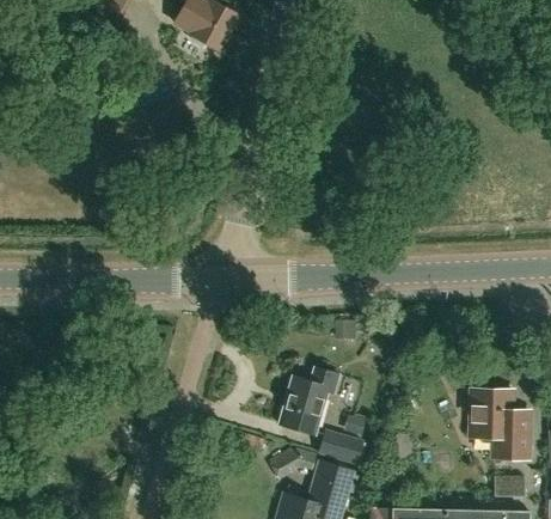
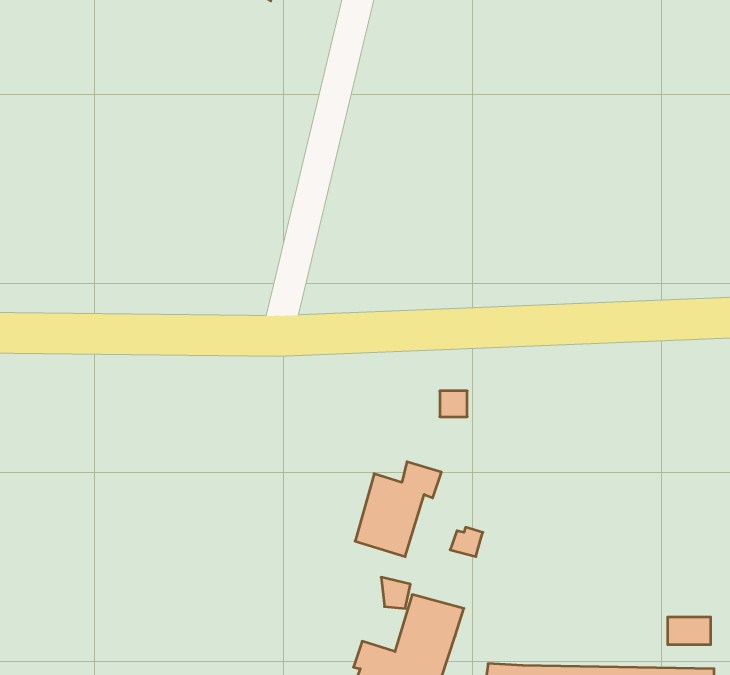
building: [470,389,528,458] -> none
building: [319,428,365,465] -> none

